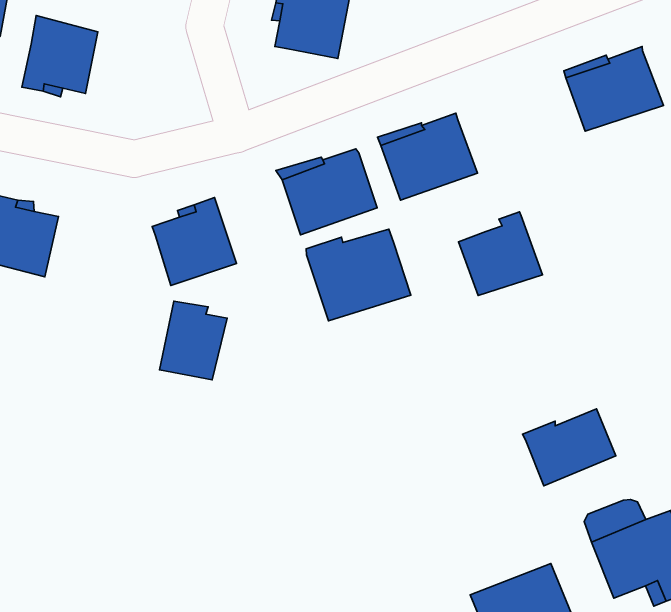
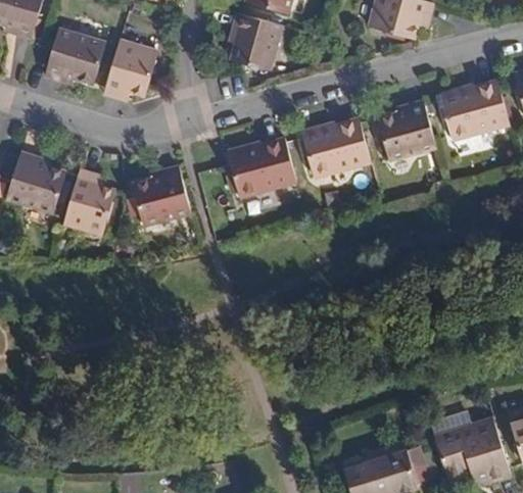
building: none -> [105,40,159,97]
building: [458,212,543,295] -> [377,101,436,159]
building: [306,229,411,321] -> none
building: [159,301,227,380] -> [63,175,115,234]
building: [523,409,616,486] -> none

